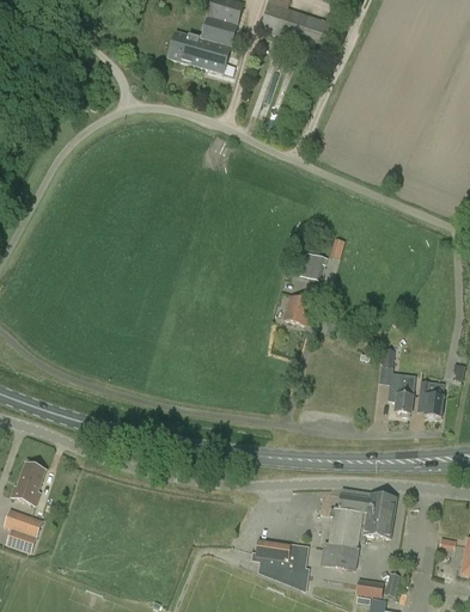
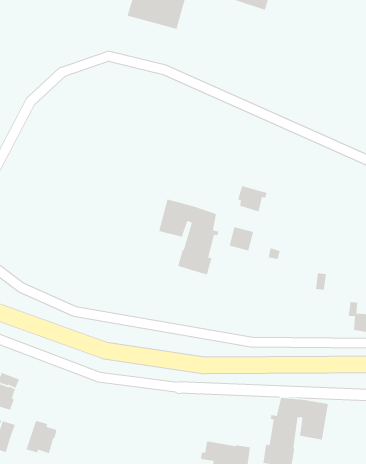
building: none -> [158,198,219,275]
building: [393,377,415,416] -> none
building: none -> [25,420,57,454]

